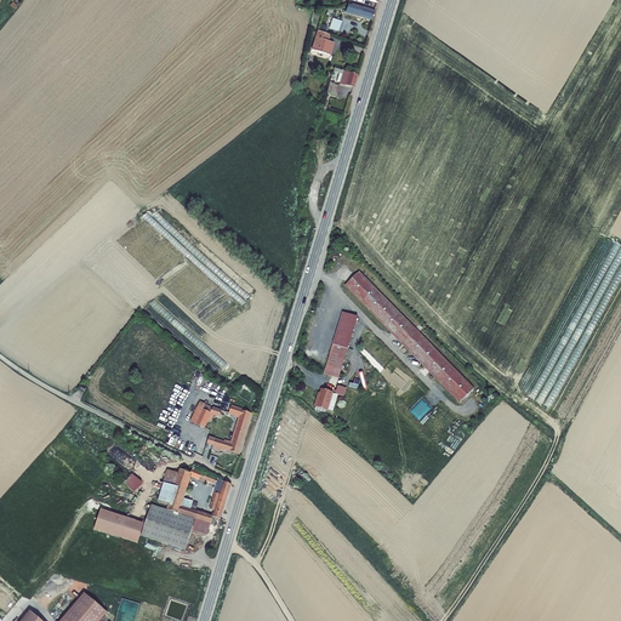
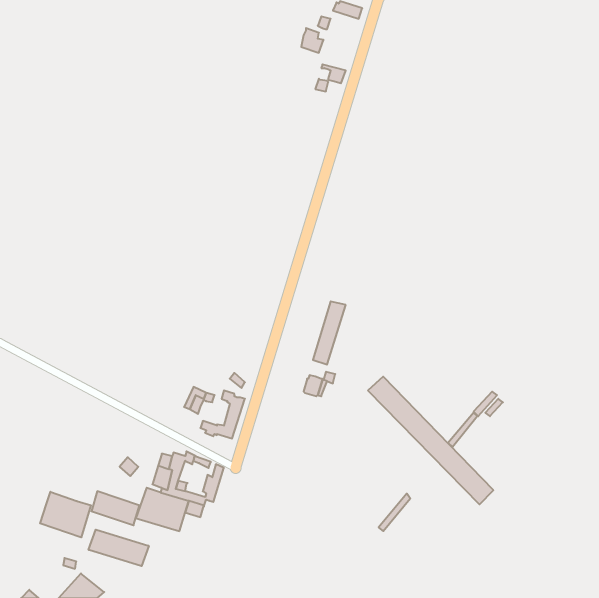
building: [344,270,474,403] -> [368,377,493,504]
building: none -> [40,492,91,537]
building: none -> [89,530,149,566]

